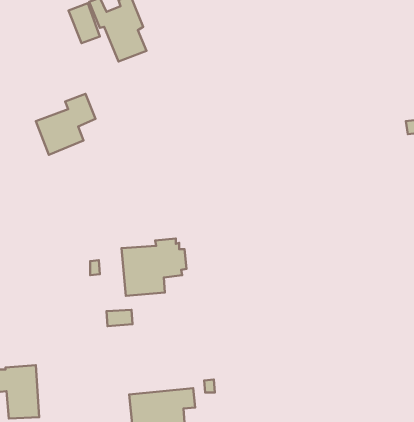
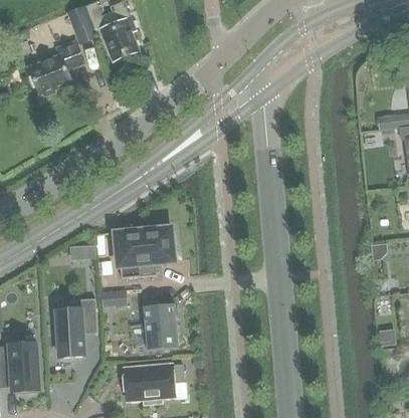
building: [36,94,95,155] -> [27,39,82,95]
building: none -> [141,297,177,350]
building: none -> [54,298,95,358]

